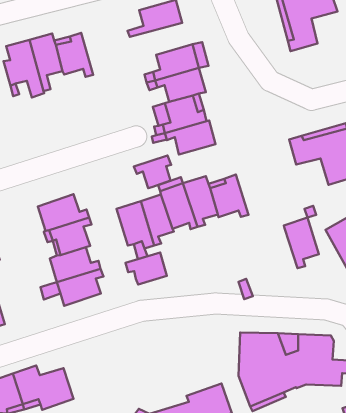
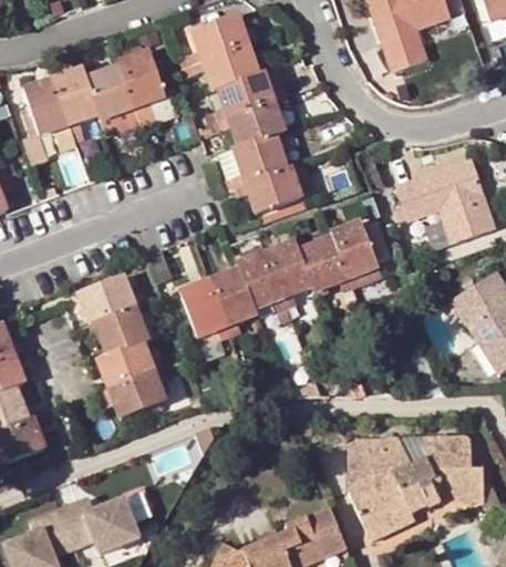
building: none -> [118,49,173,128]
building: none -> [183,43,259,89]
building: [134,155,171,188] -> none
building: [284,218,319,268] -> [330,219,378,286]
building: [125,252,167,284] -> none

